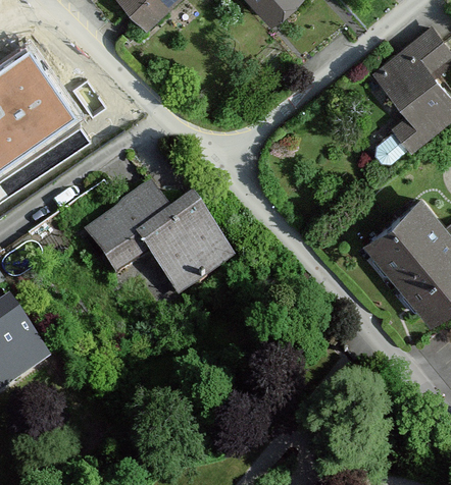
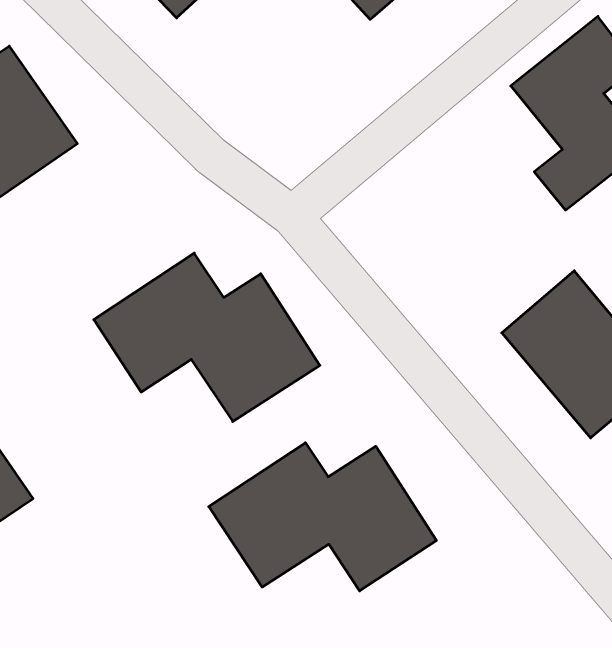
building: none -> [209,443,436,591]

